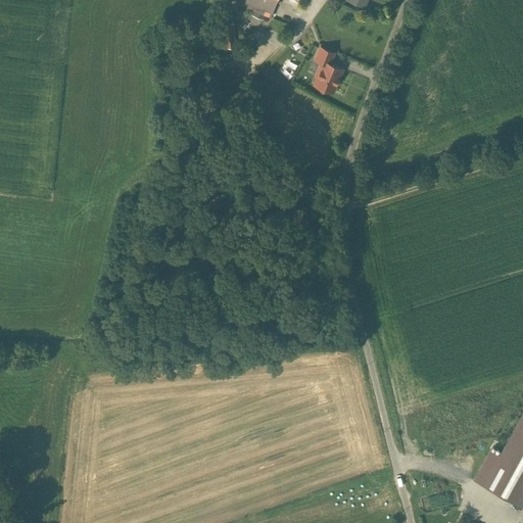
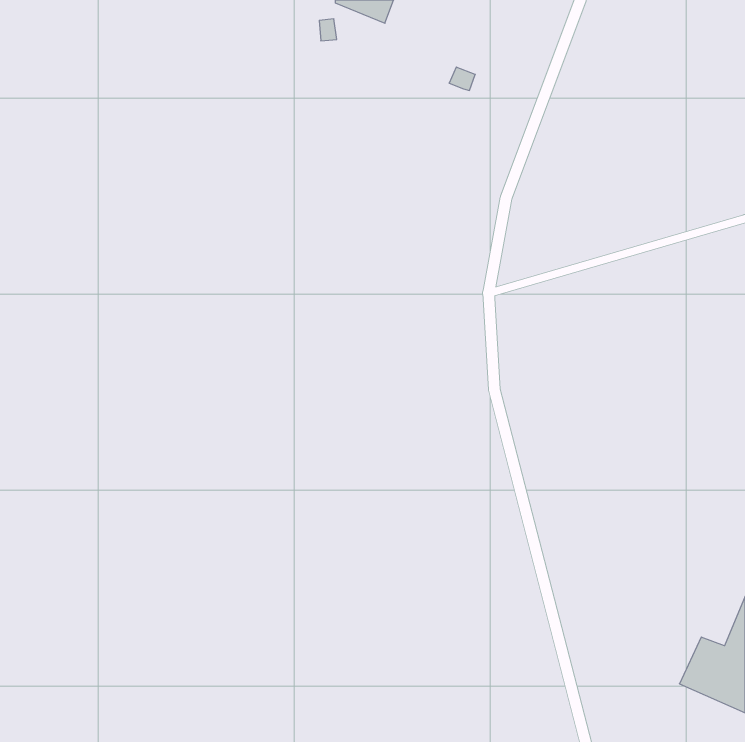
building: [316,64,340,92] -> none

